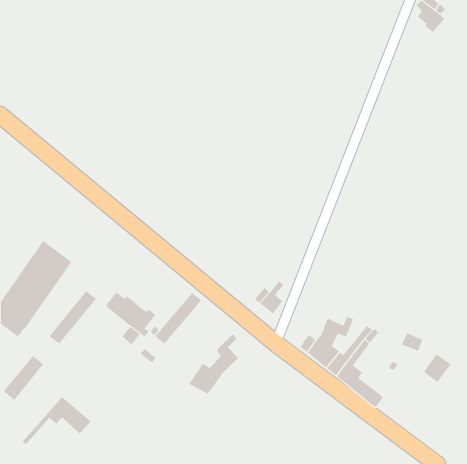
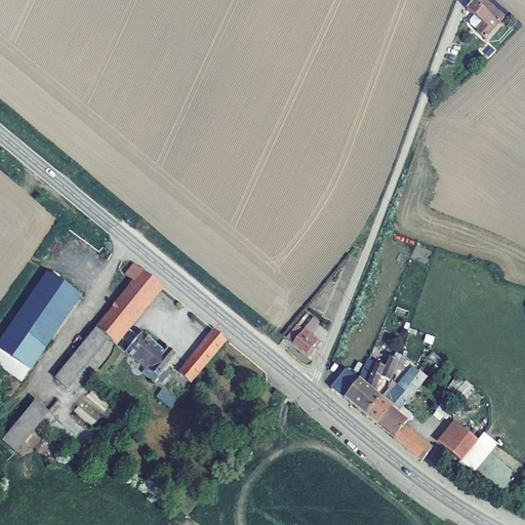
building: none -> [96,261,161,344]
building: [189,334,239,395] -> none
building: [423,354,452,383] -> [445,427,477,459]
building: [22,396,92,445] -> none

